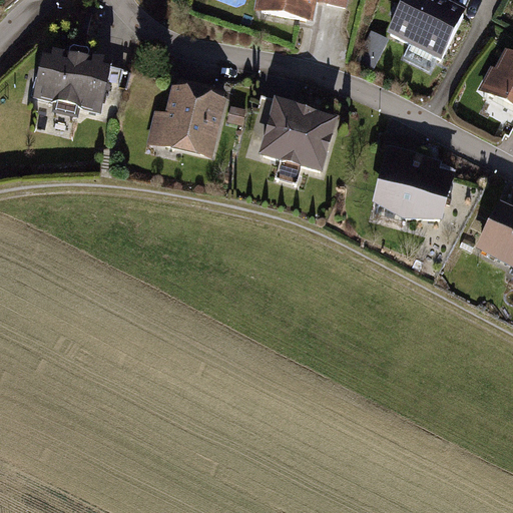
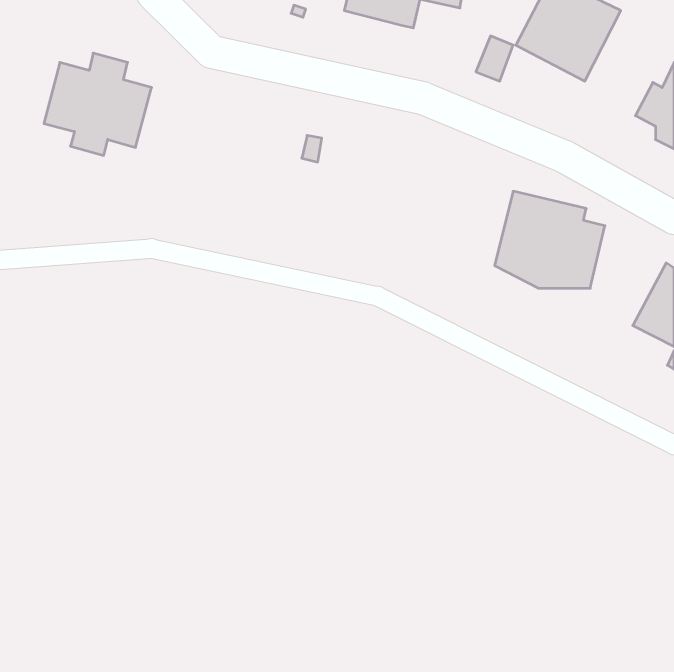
building: [145,81,226,160] -> none
building: [245,93,342,187] -> none

